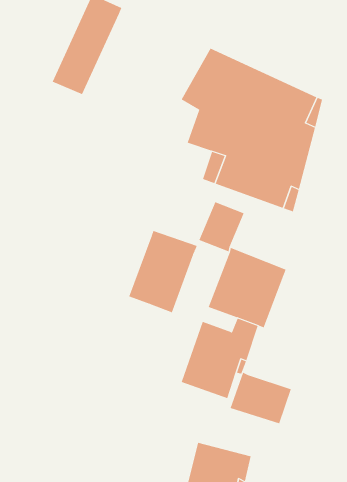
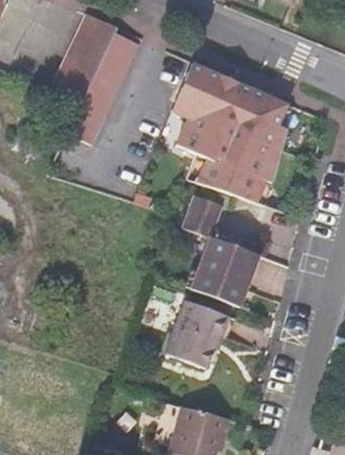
building: none -> [67,33,139,146]
building: [128,230,198,313] -> none
building: [230,372,292,424] -> none

